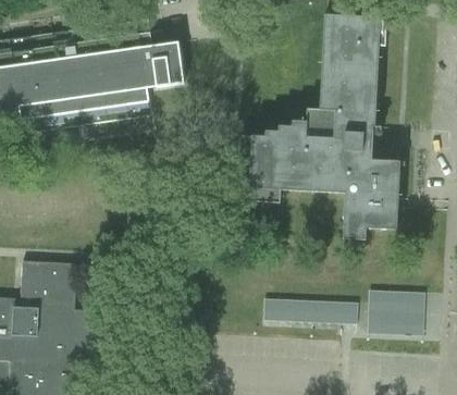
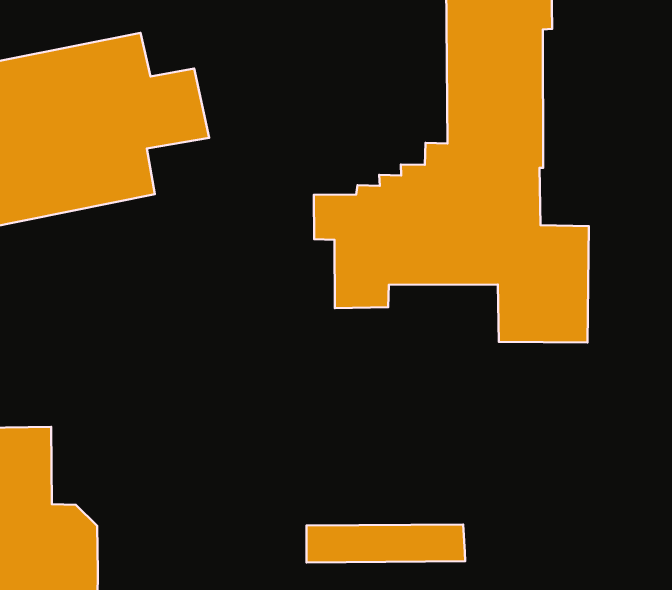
building: [369,287,427,332] -> none
building: [262,297,356,323] -> [306,524,465,562]

